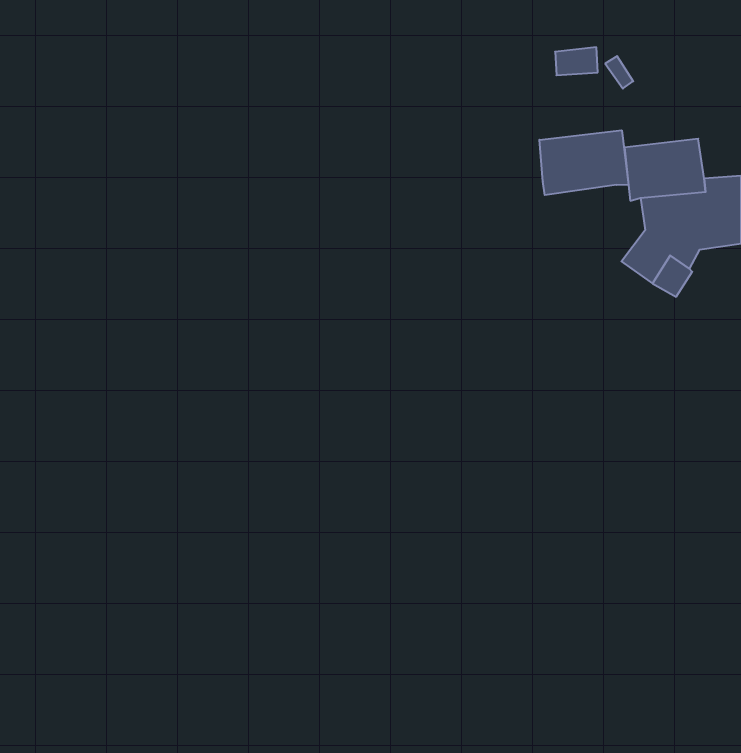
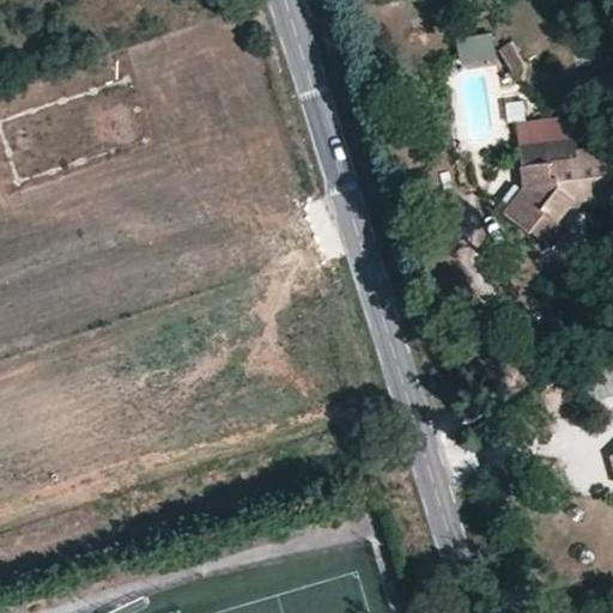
building: [539,130,629,195] -> none

